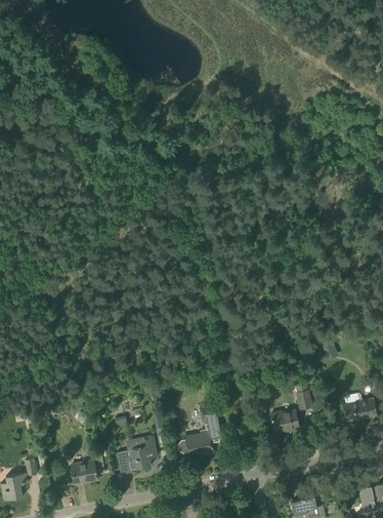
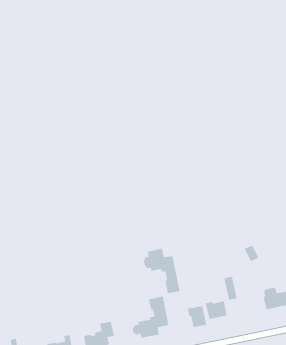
building: none -> [144,248,180,294]
building: none -> [187,305,207,328]

